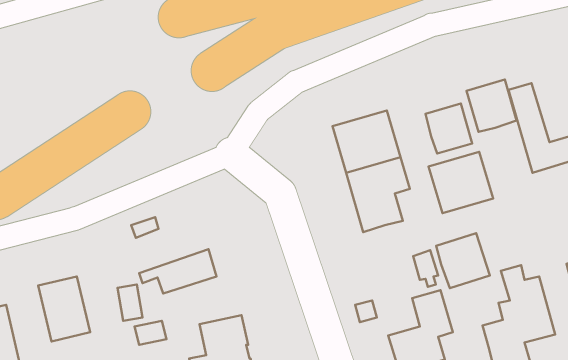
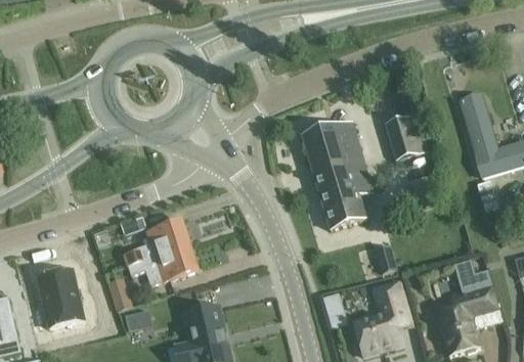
building: [467,80,517,132] -> none
building: [429,152,493,213] -> none
building: none -> [123,219,189,265]
building: [436,233,490,288] -> none

